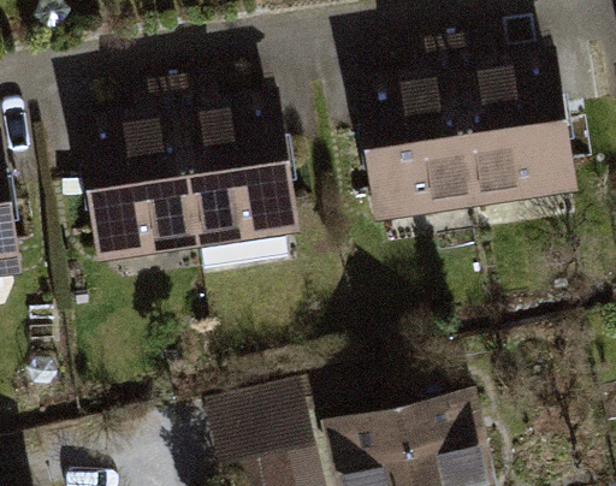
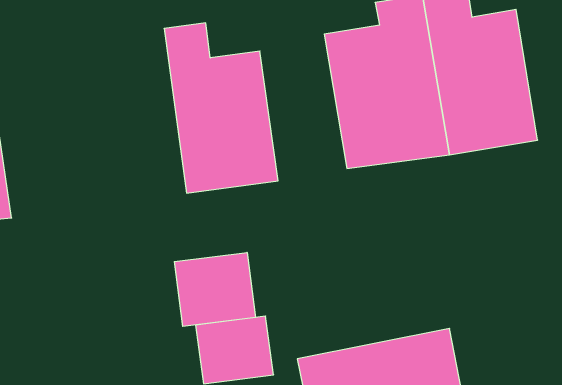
building: [75,73,201,261] -> none
building: none -> [174,252,256,326]

